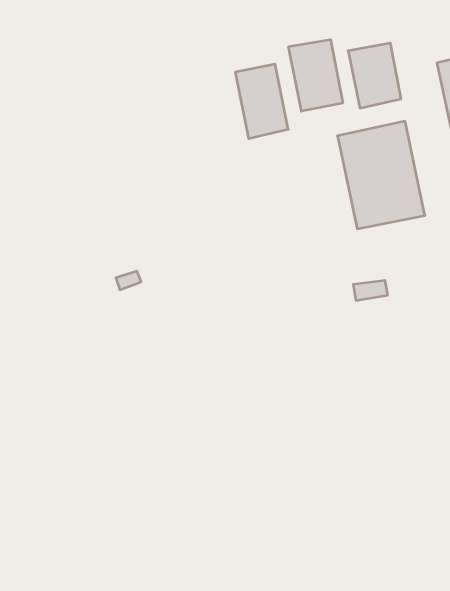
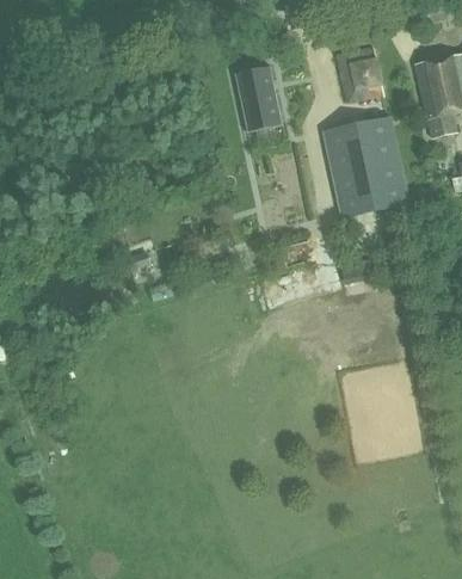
building: [289,40,343,111] -> none

